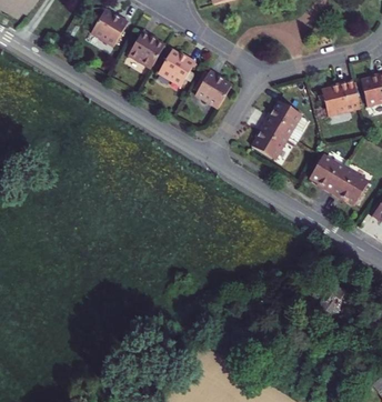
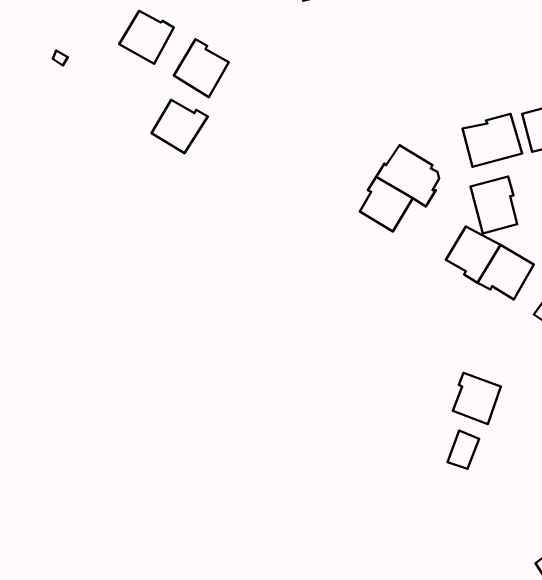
building: [159,50,197,86] -> [151,100,208,153]
building: [197,70,233,108] -> none
building: none -> [470,177,517,233]
building: none -> [453,373,501,424]

